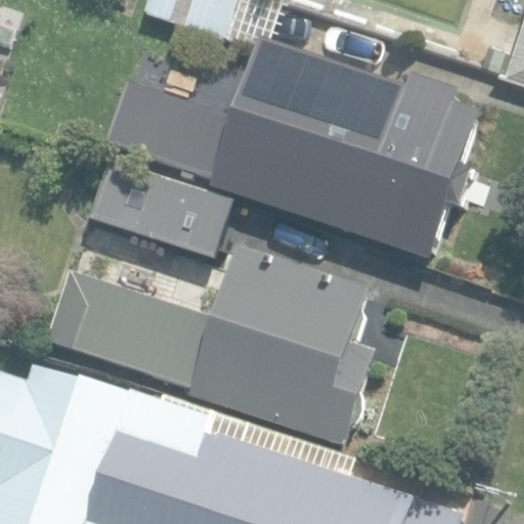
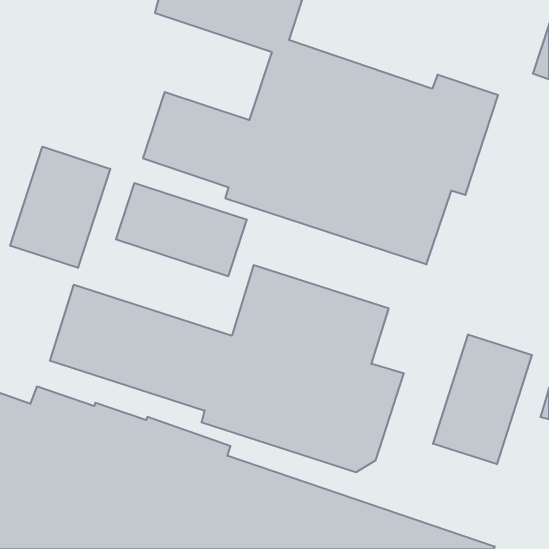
building: none -> [10,147,110,268]
building: none -> [433,334,532,464]

